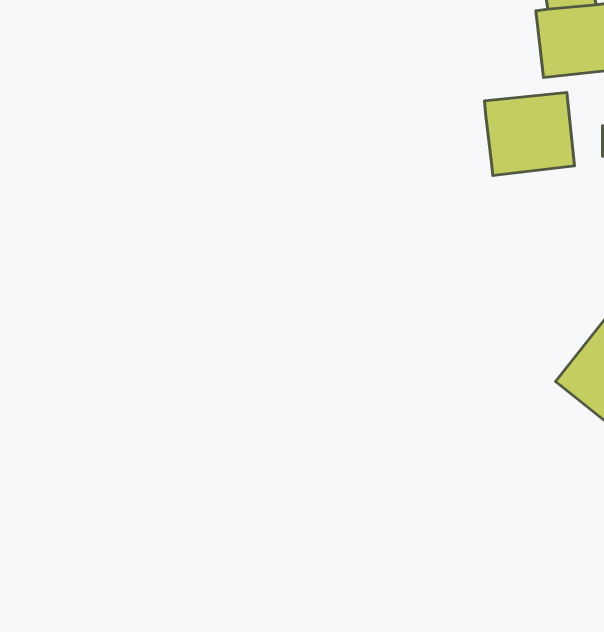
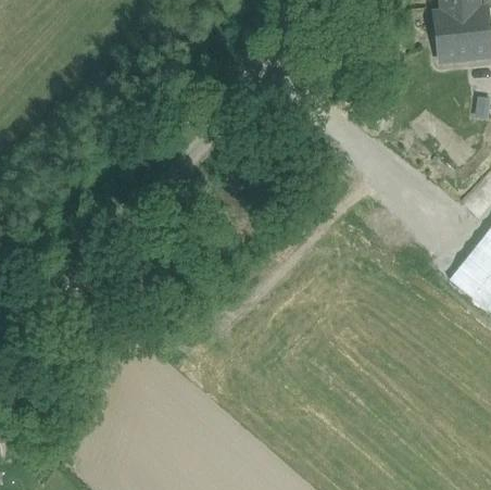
building: [485,92,575,175] -> none

